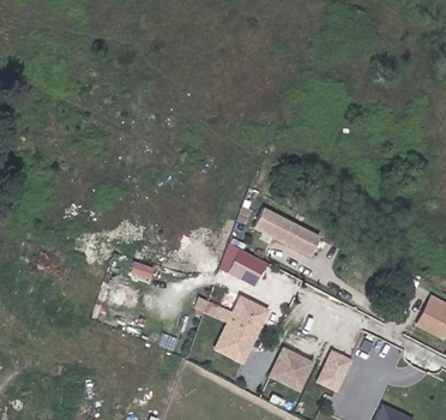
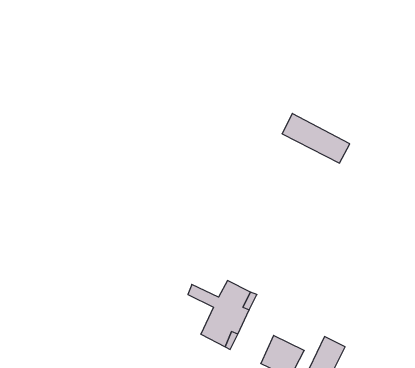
building: [257,209,320,256] -> [282,113,350,163]
building: [227,247,266,286] -> none

